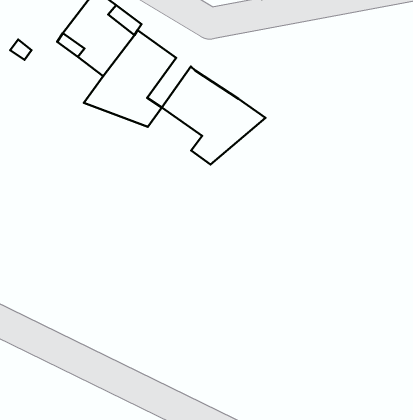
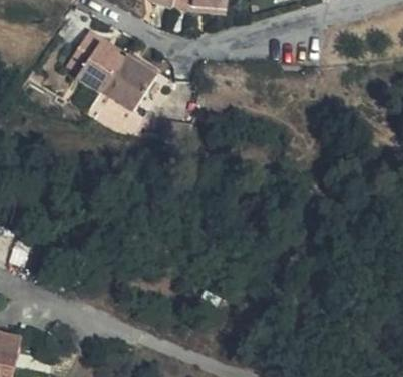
building: [162,67,265,164] -> none

